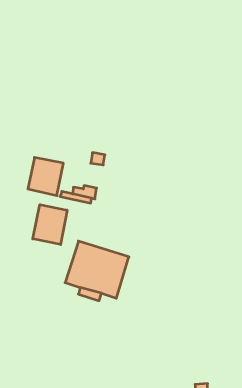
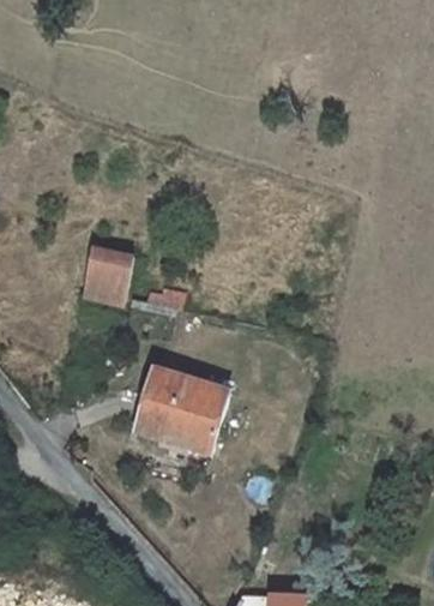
building: [33,205,67,245] -> none

